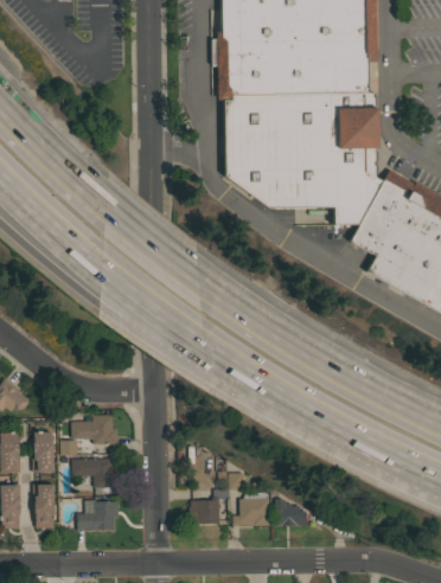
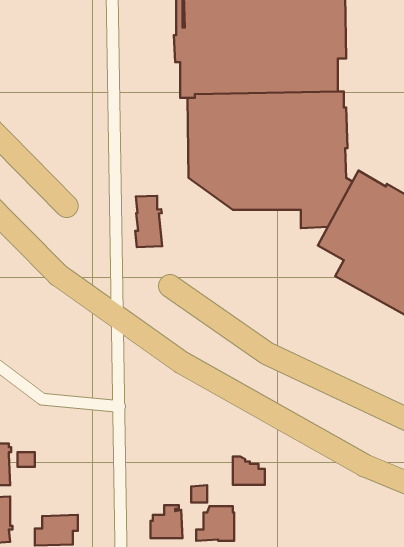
building: none -> [135,196,162,247]
building: [72,414,119,443] -> none
building: [72,459,119,494] -> none
building: [276,498,307,525] -> [233,457,265,485]

